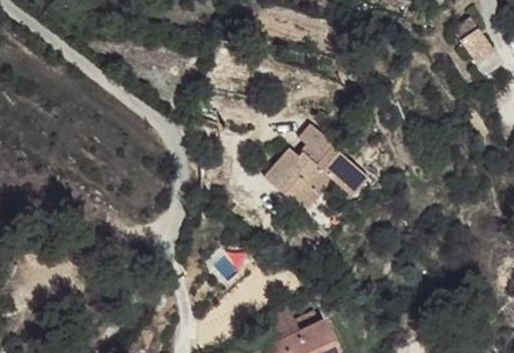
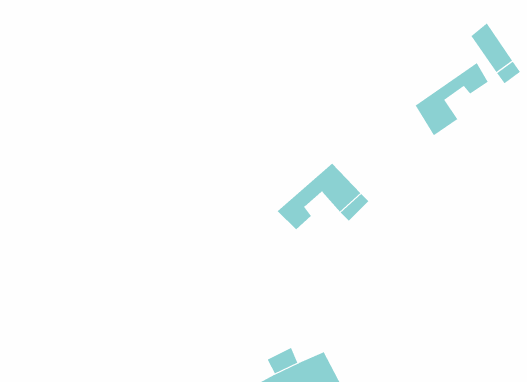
building: none -> [415,62,489,136]
building: [263,124,335,195] -> none

